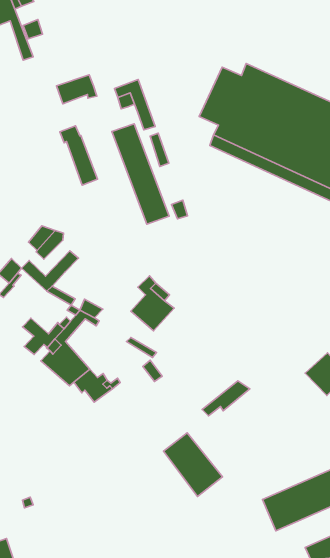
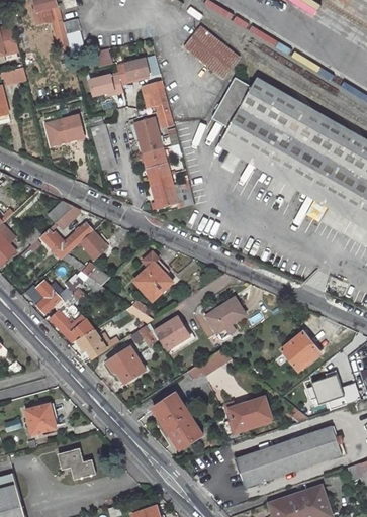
building: none -> [181,25,238,76]
building: none -> [116,58,149,83]
building: none -> [44,116,84,143]
building: none -> [81,232,108,260]
building: none -> [210,299,250,333]
building: none -> [159,316,194,351]
building: none -> [111,347,149,383]
building: none -> [228,400,268,432]
building: none -> [23,403,55,433]
building: none -> [55,445,94,476]

